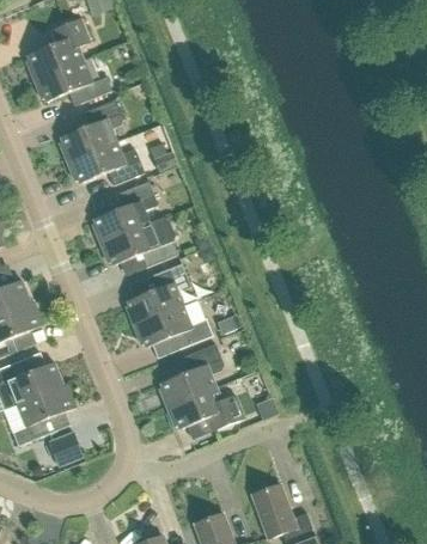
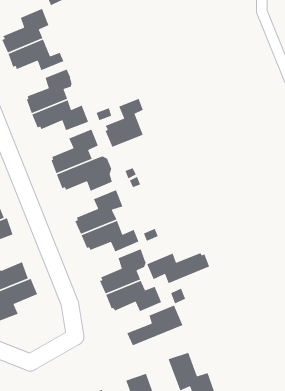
building: none -> [105,98,144,148]
building: none -> [146,252,210,284]
building: none -> [126,304,183,348]
building: [49,430,84,465] -> none

